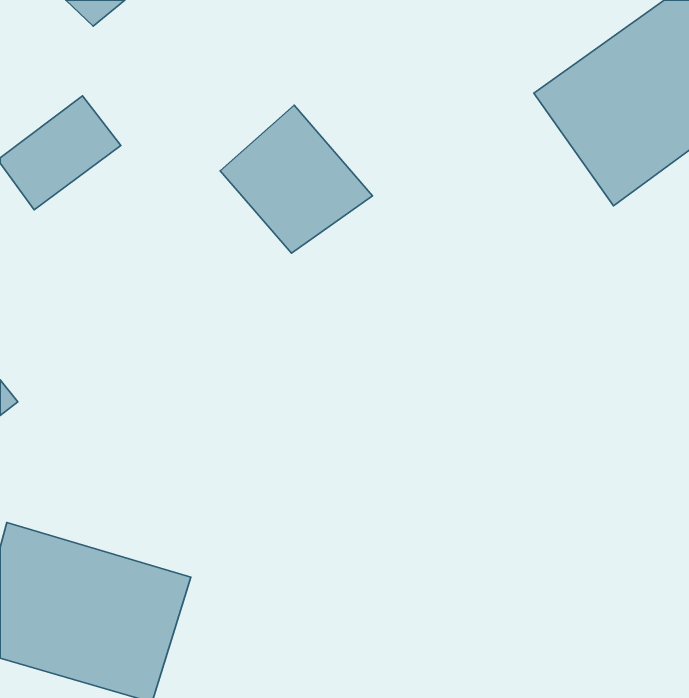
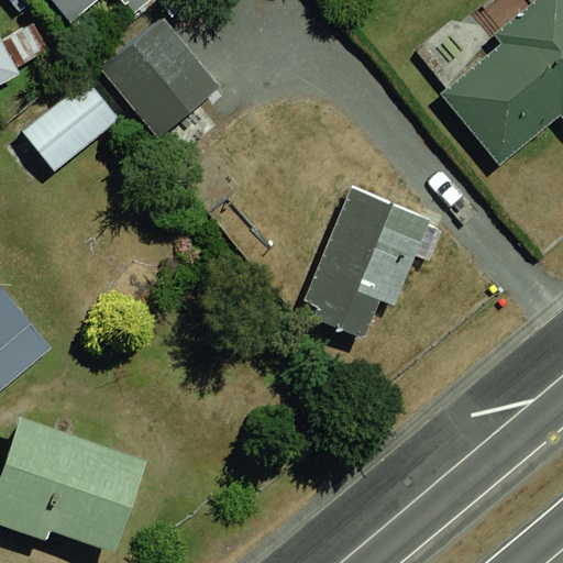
building: [220,105,373,253] -> [99,13,221,132]
building: none -> [300,190,412,331]

